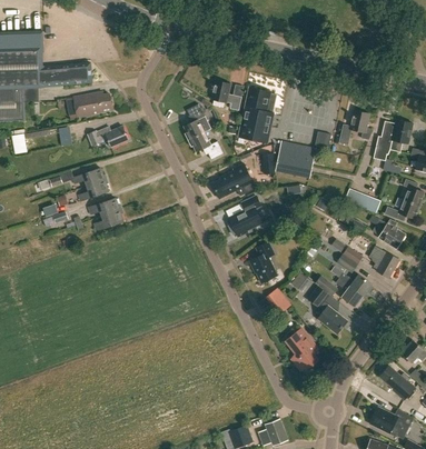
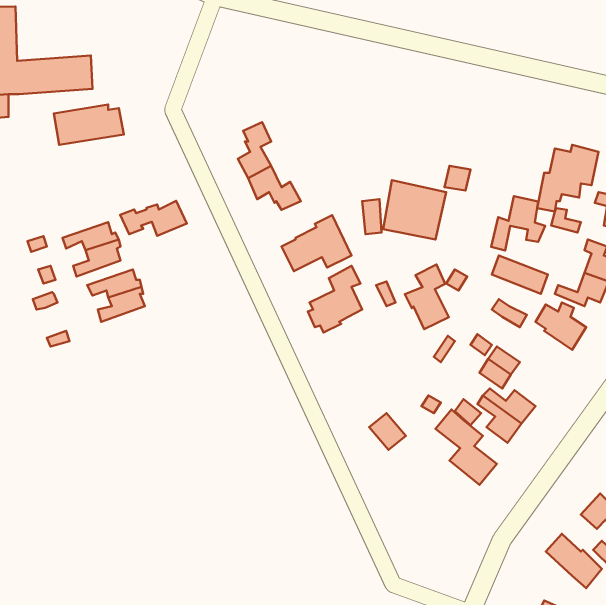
building: [210,80,242,110] -> none
building: [238,88,276,142] -> none
building: [338,110,373,144] -> [491,196,545,250]
building: [86,124,128,147] -> [120,201,187,236]
building: [248,241,276,282] -> [405,264,449,329]
building: [367,245,398,277] -> none
building: [285,328,317,370] -> none

